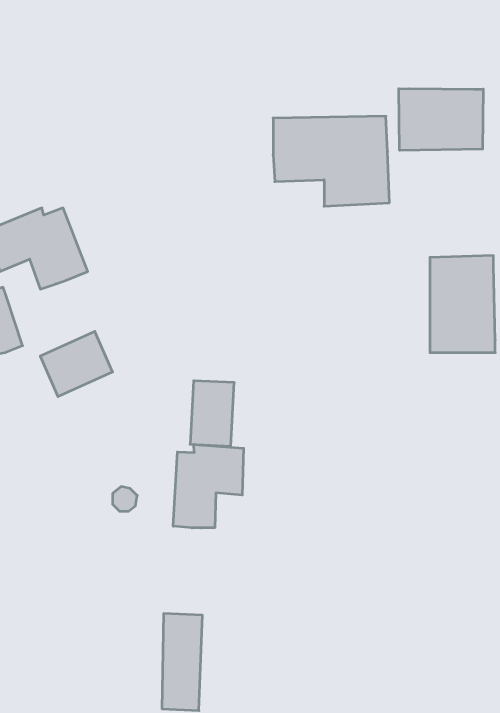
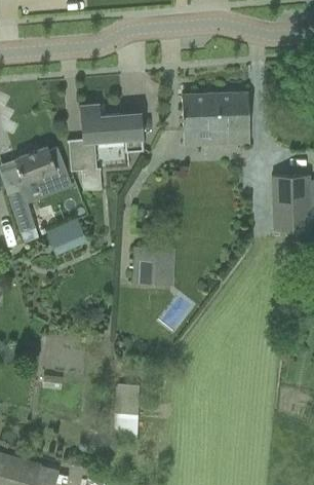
building: [399,89,483,150] -> none
building: none -> [68,106,142,191]
building: [173,444,244,528] -> none

